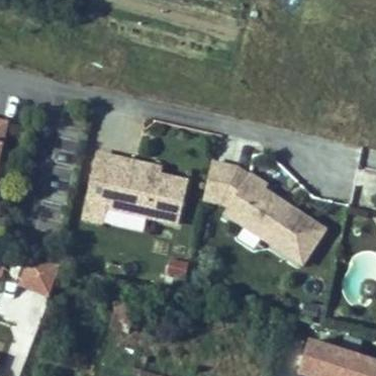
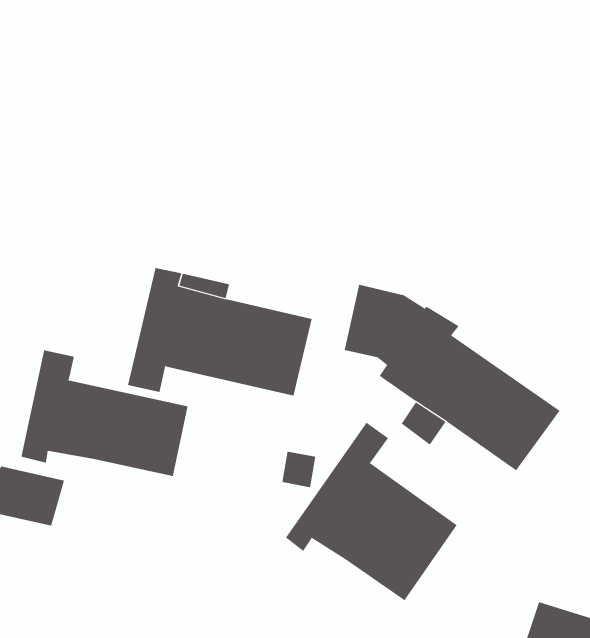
building: none -> [21,349,188,477]
building: none -> [285,422,458,601]

